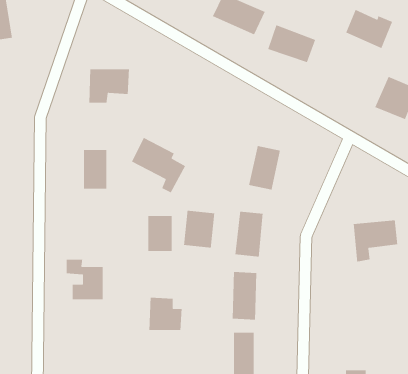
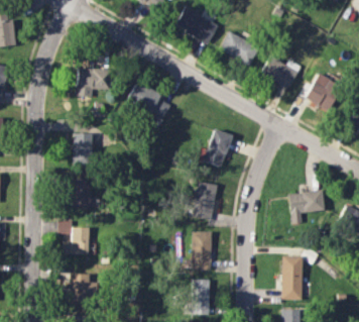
building: [345,9,393,49] -> [262,56,301,88]
building: [131,137,186,193] -> [127,82,171,127]
building: [183,210,215,249] -> none
building: [147,215,173,252] -> [71,179,91,208]
building: [148,297,182,331] -> [70,274,97,301]
building: none -> [282,255,303,300]

